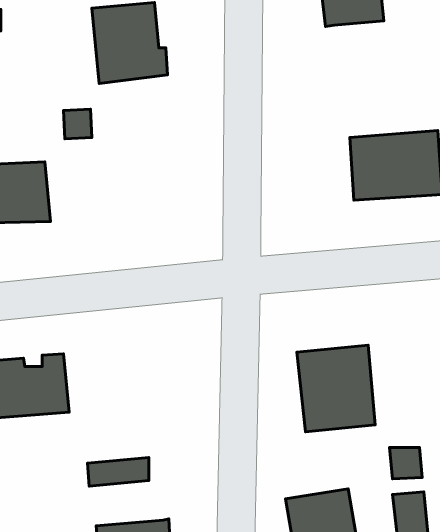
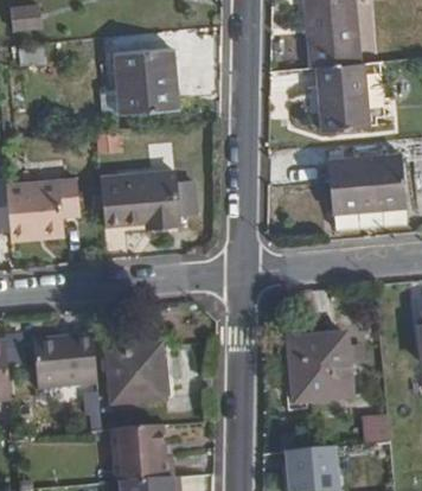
building: none -> [318,59,370,128]
building: none -> [100,168,177,224]
building: none -> [108,344,166,403]
building: none -> [114,442,175,480]

